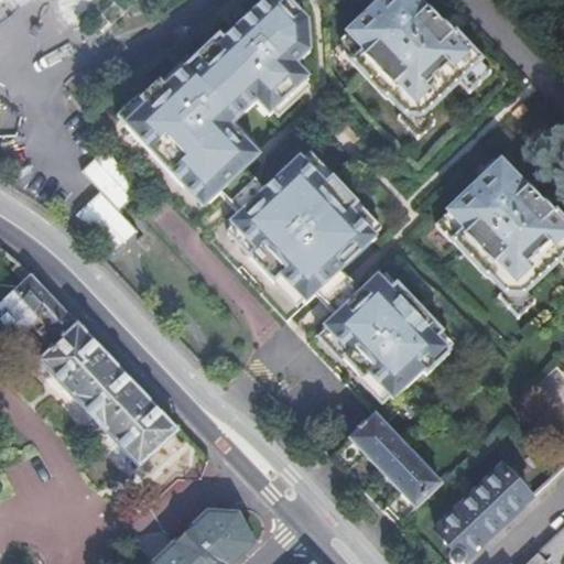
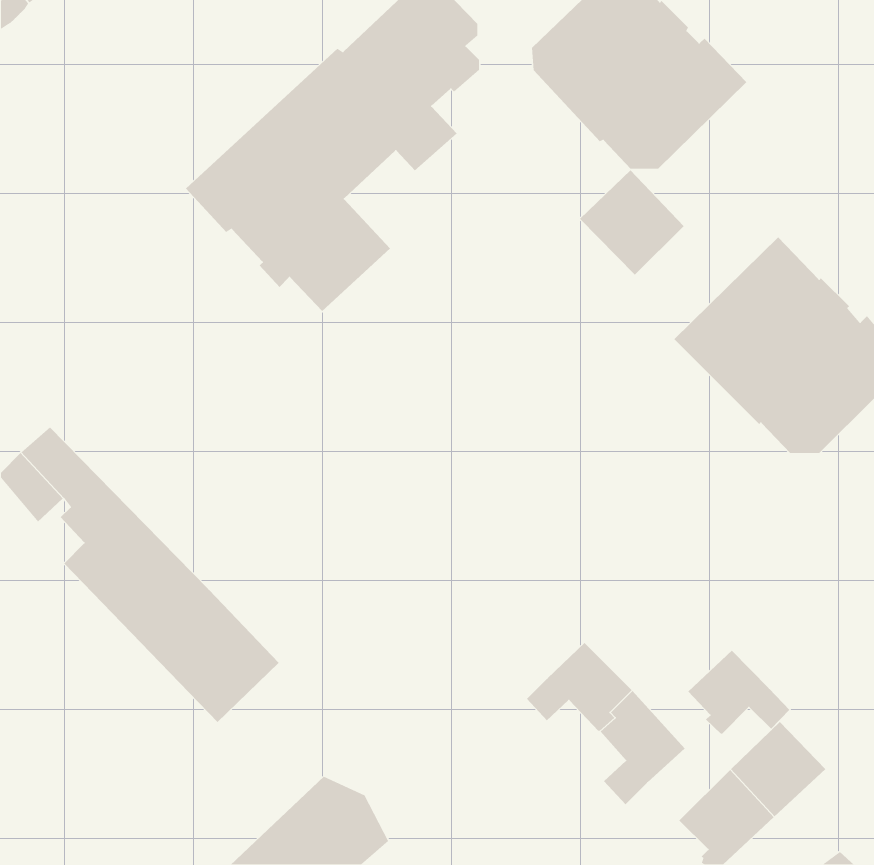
building: none -> [579,170,685,276]
building: [229,152,377,301] -> none
building: [324,272,451,398] -> none
building: none -> [688,650,790,734]

